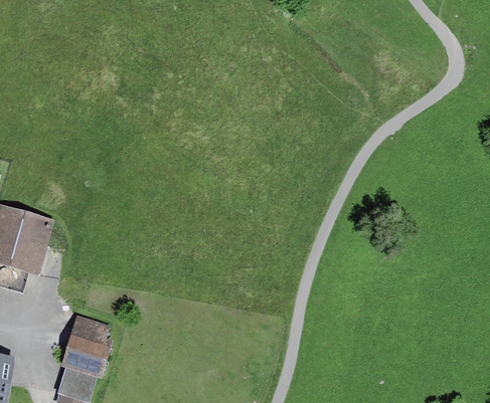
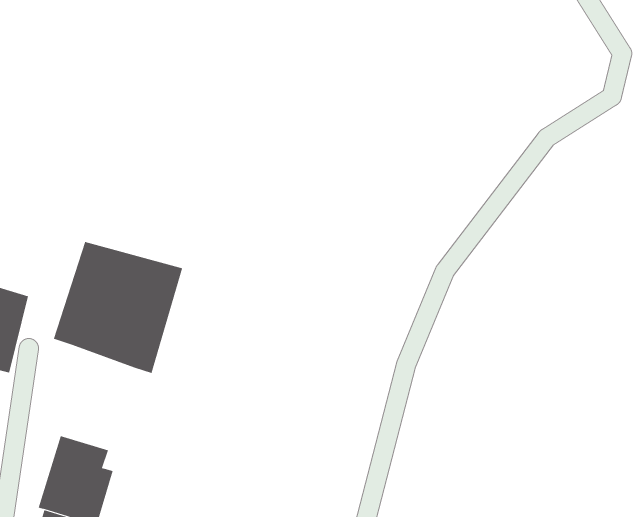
building: none -> [53,241,183,374]

